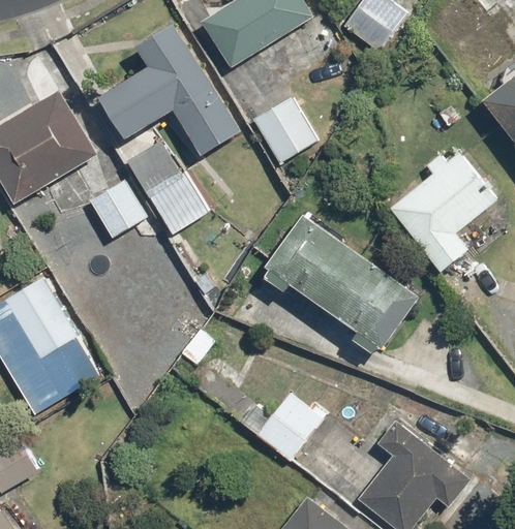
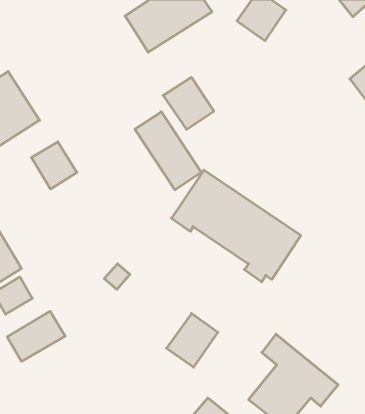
building: [101,22,239,155] -> none
building: [124,137,207,235] -> [135,112,201,190]
building: [390,155,495,273] -> none
building: none -> [7,311,65,361]

